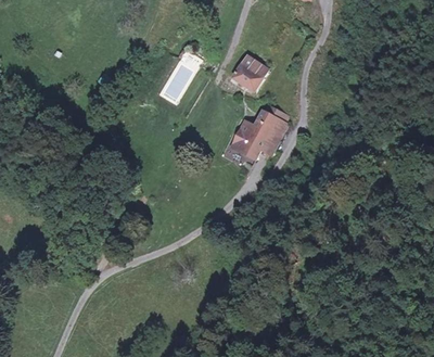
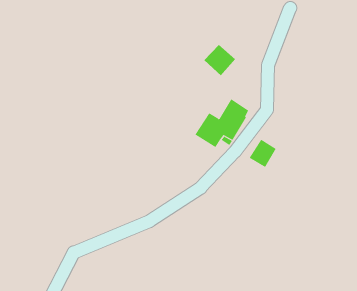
building: none -> [249,139,277,168]

